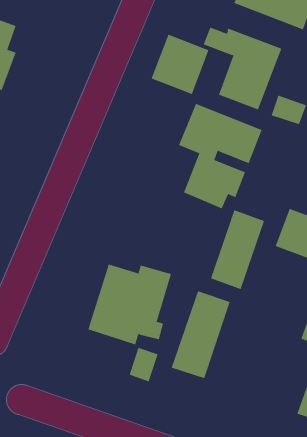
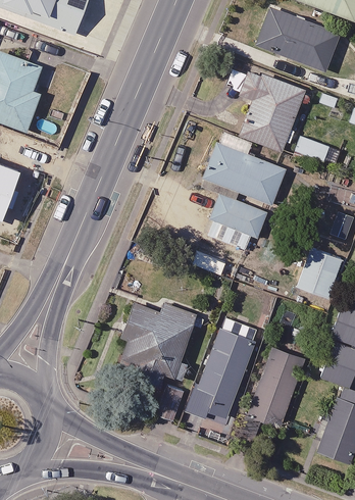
building: [151,34,209,95] -> none
building: [210,209,265,290] -> [249,347,303,427]

